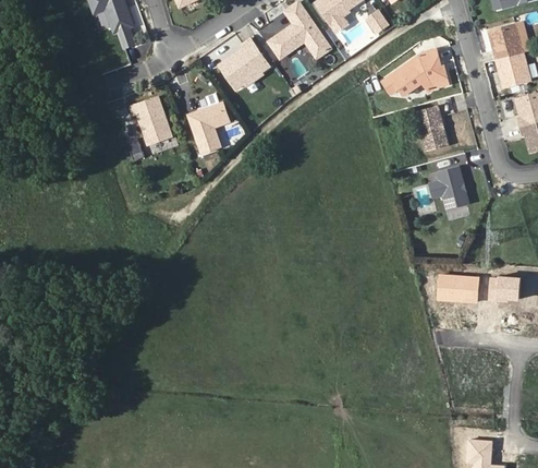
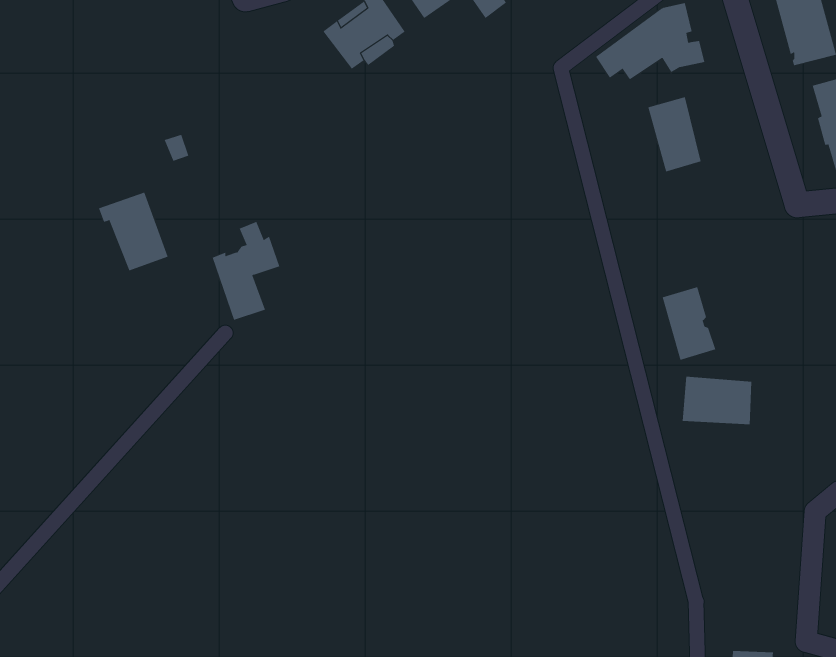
building: [188,93,230,153] -> [212,221,280,321]
building: [131,96,173,144] -> [98,192,168,271]
building: [437,165,469,209] -> [662,286,716,360]
building: [488,277,518,301] -> none

